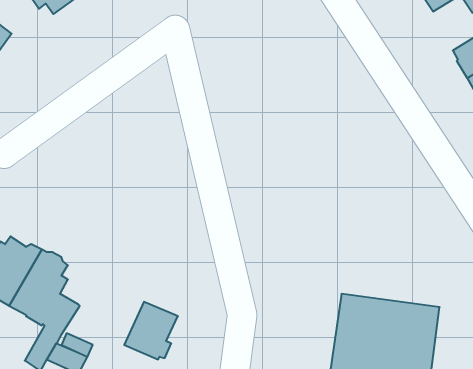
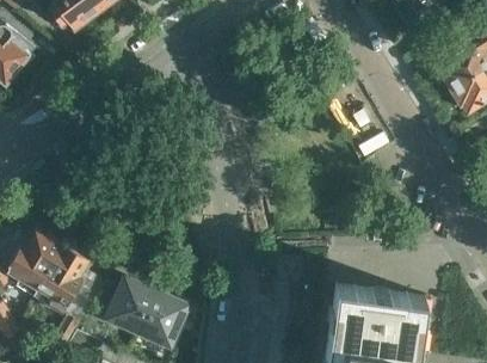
building: none -> [104,278,155,331]

